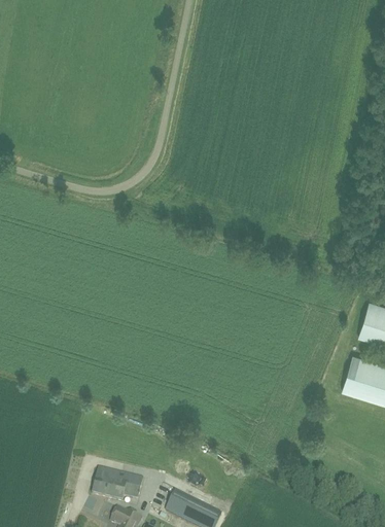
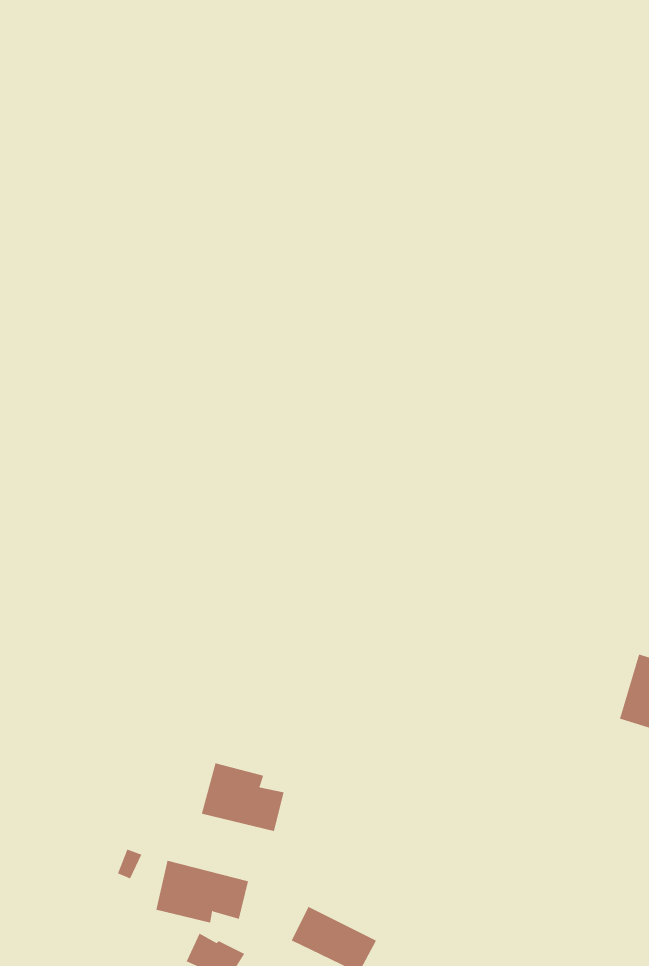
building: none -> [201,762,284,832]

